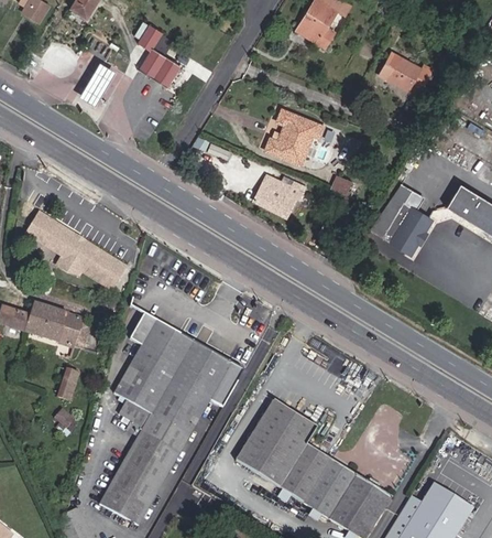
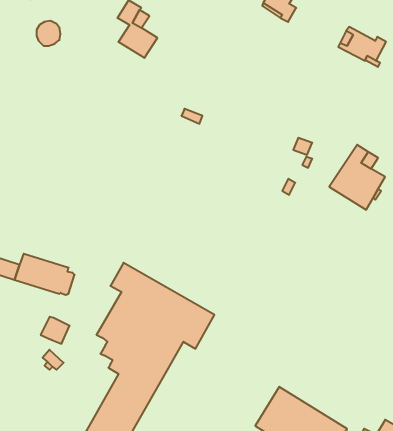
building: [79,62,117,107] -> none
building: [265,109,324,164] -> none
building: [254,175,307,216] -> none
building: [26,213,125,290] -> none
building: [236,400,317,493] -> none

